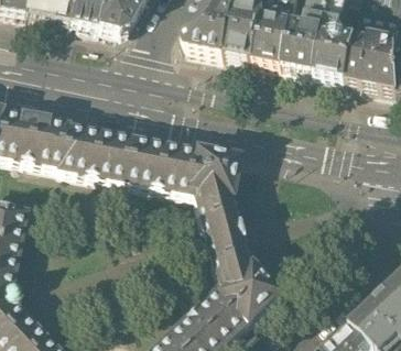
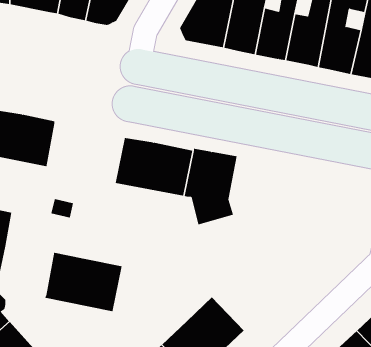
building: [57,124,131,180] -> [44,252,122,312]
building: [201,210,277,321] -> none

